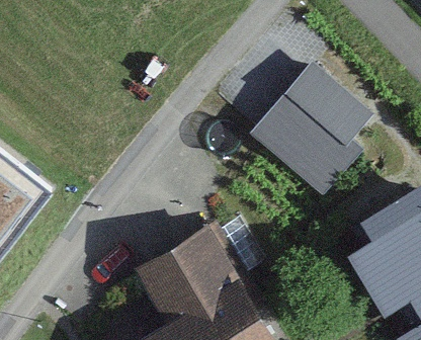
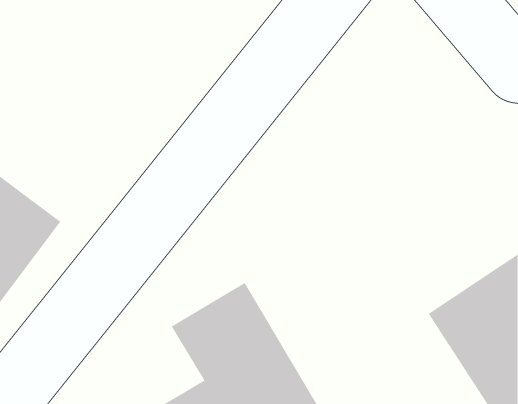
building: [254,59,374,192] -> none

